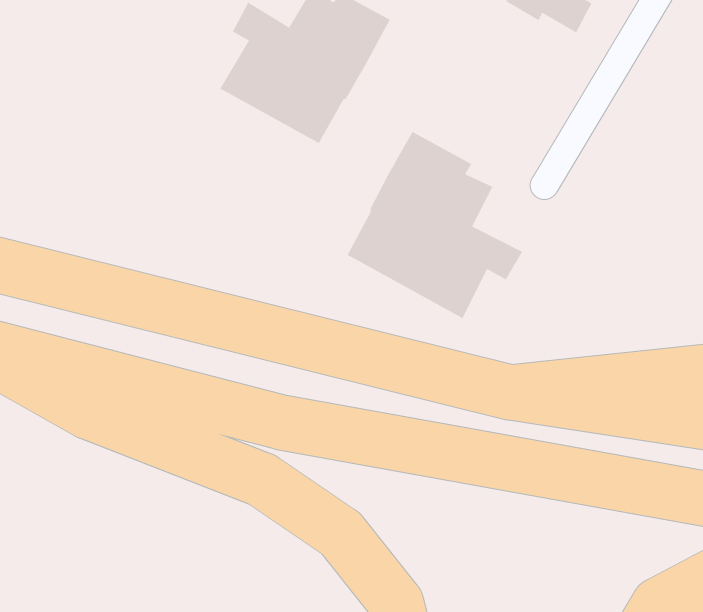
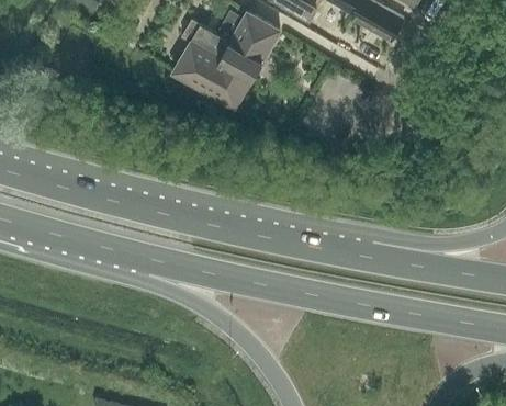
building: [346,131,523,319] -> none

